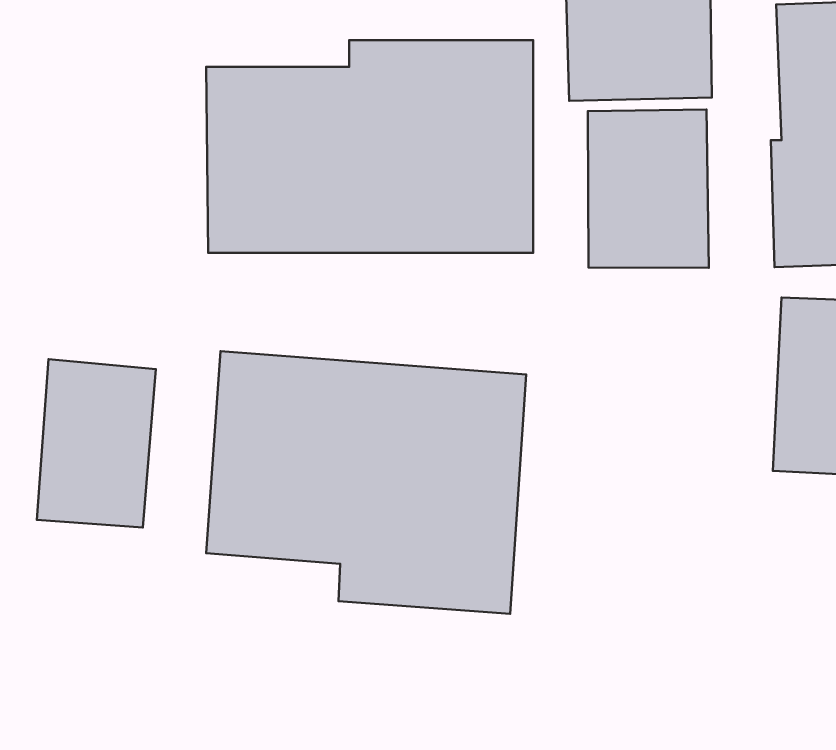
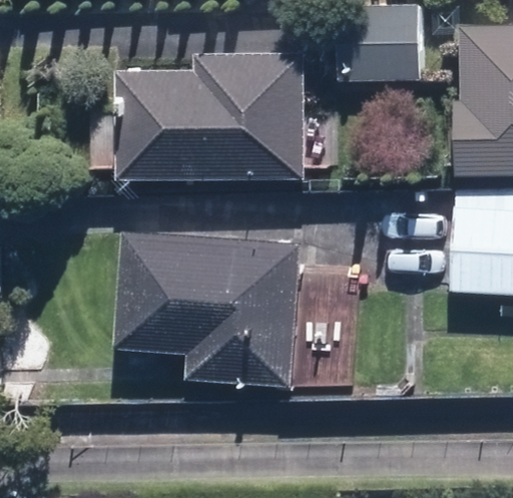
building: [588,110,709,268] -> none
building: [37,359,156,528] -> none

